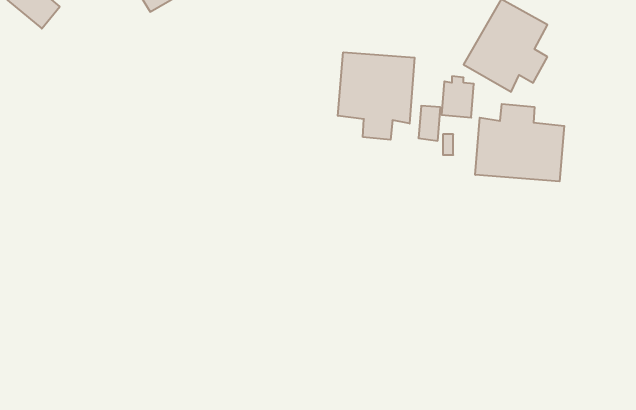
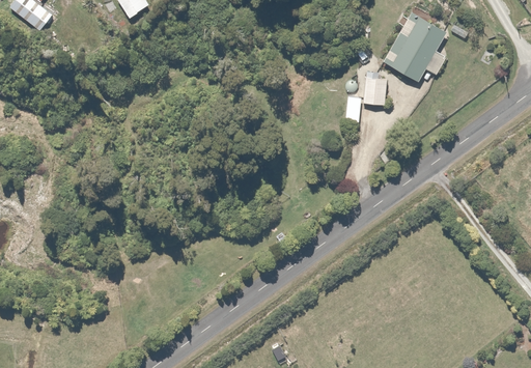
building: [338,52,415,140] -> none
building: [475,104,564,181] -> none

